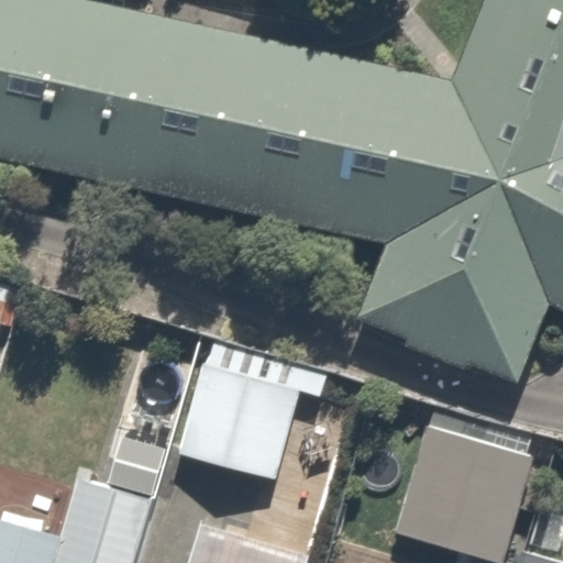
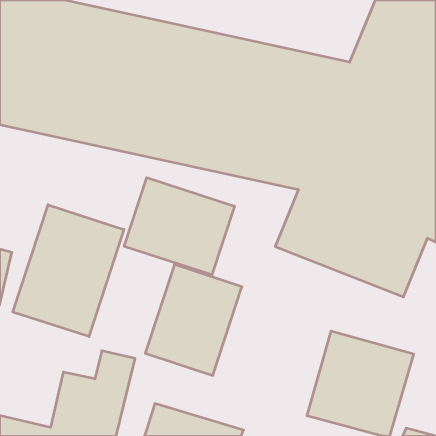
building: none -> [124,178,234,275]
building: none -> [13,205,124,337]

